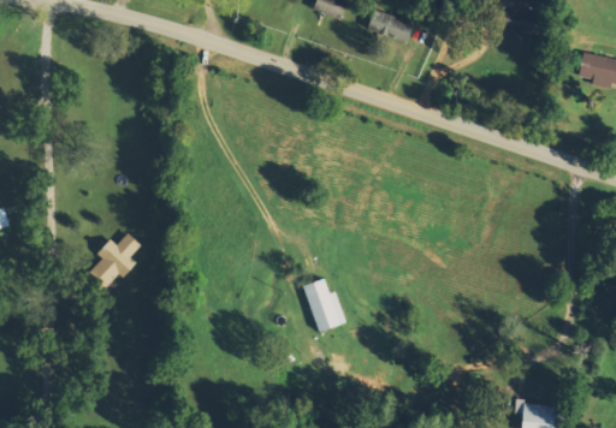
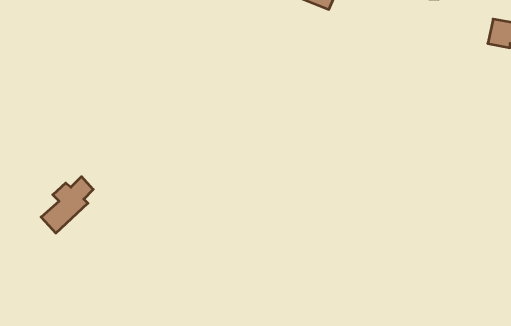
building: [303,279,345,332] -> none

